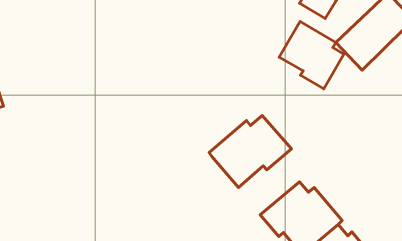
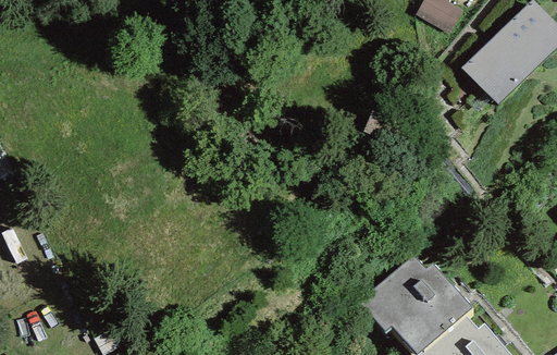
building: [279,22,344,89] -> none
building: [209,115,291,188] -> none

